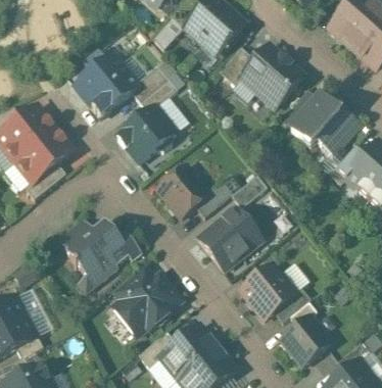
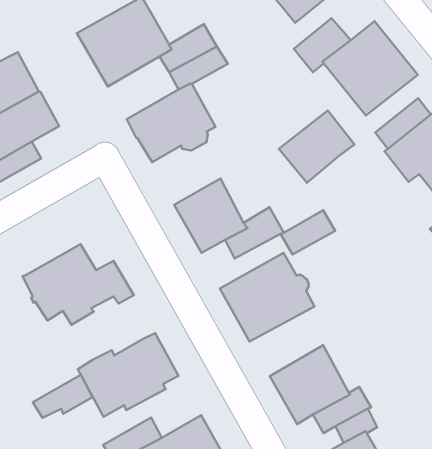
building: none -> [279,111,354,183]
building: [57,219,92,252] -> none
building: [113,268,152,300] -> [33,375,92,418]

